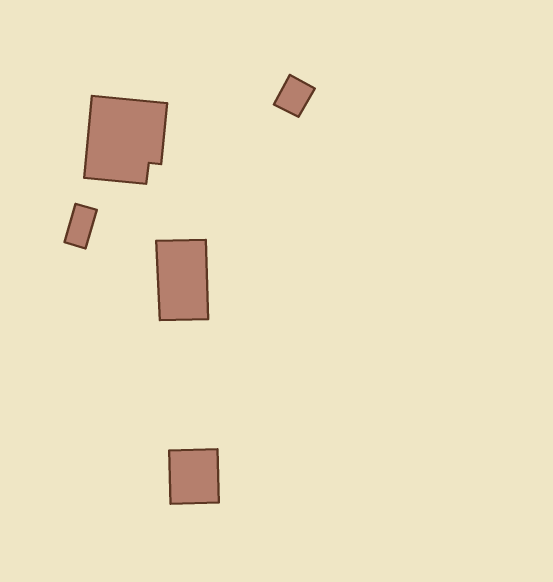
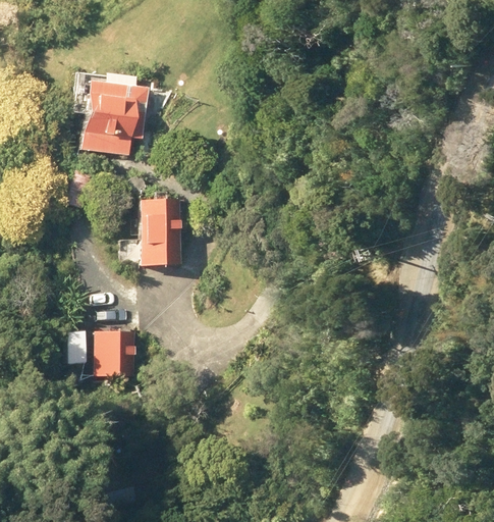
building: [169,449,219,504] -> [96,326,136,371]

